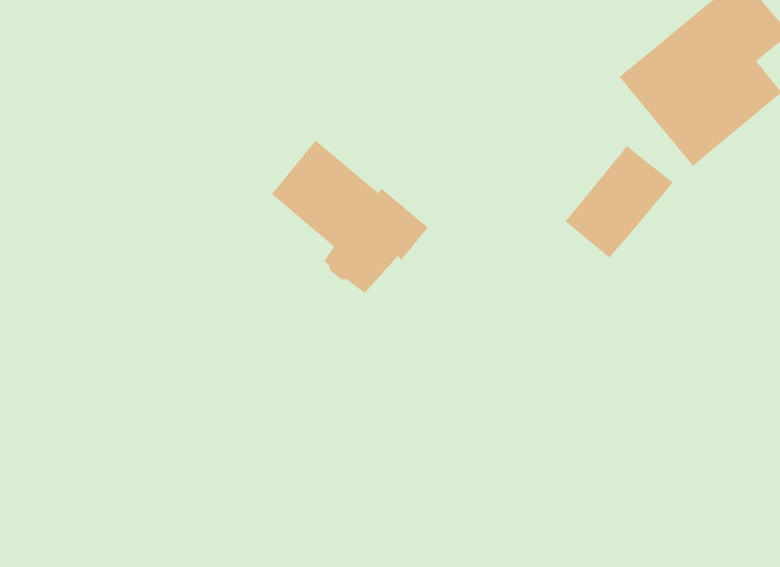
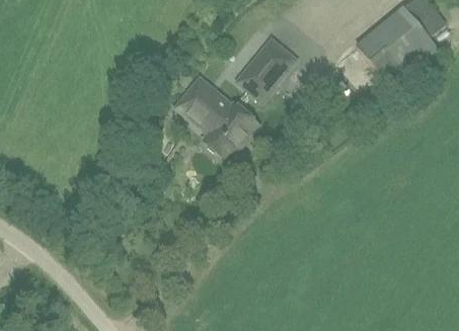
building: [564,145,674,259] -> [238,39,295,98]

